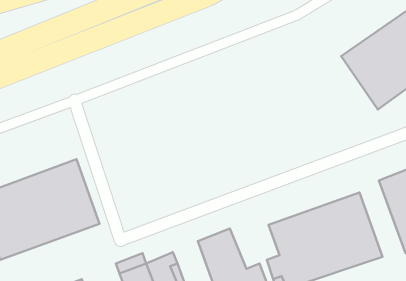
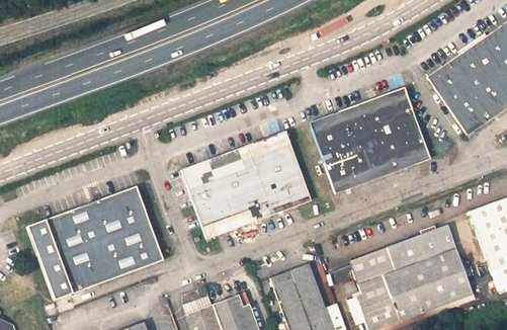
building: none -> [308,86,430,192]
building: none -> [180,130,311,238]

